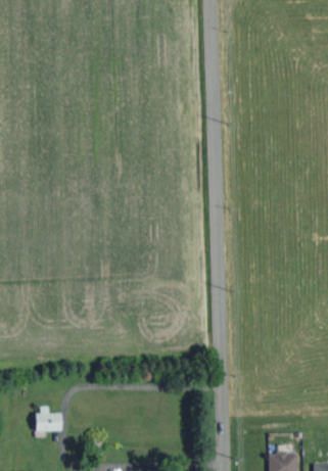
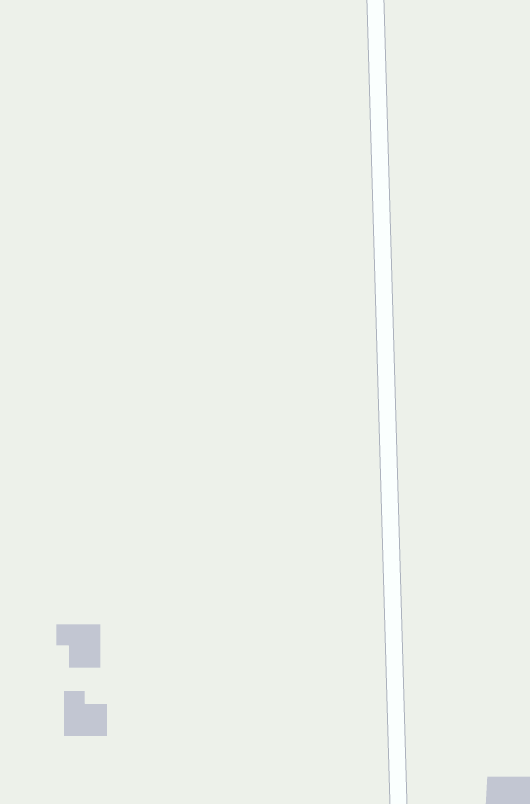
building: none -> [55,624,101,669]

